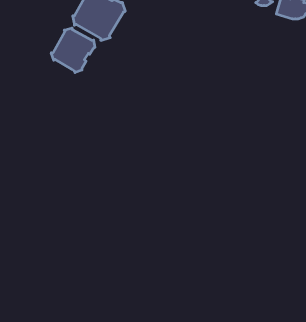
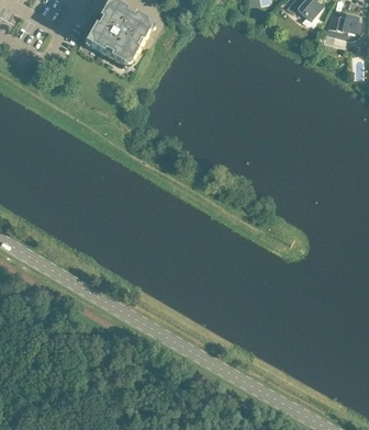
building: [51,28,95,73] -> none

